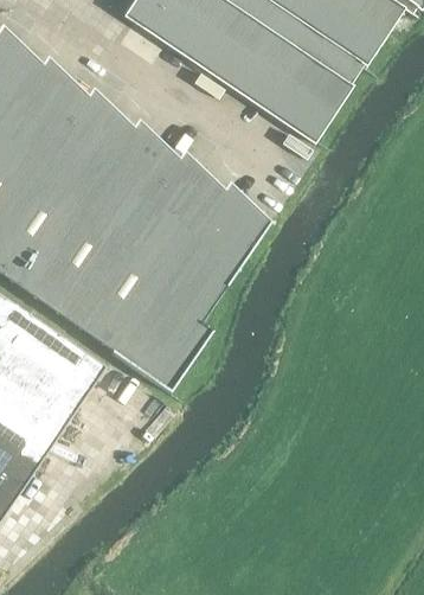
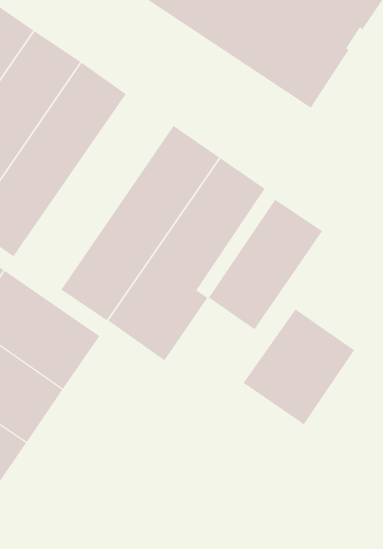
building: [21,126,179,319] -> none
building: none -> [208,199,323,330]
building: none -> [243,309,355,425]

